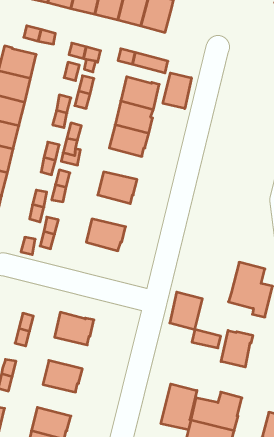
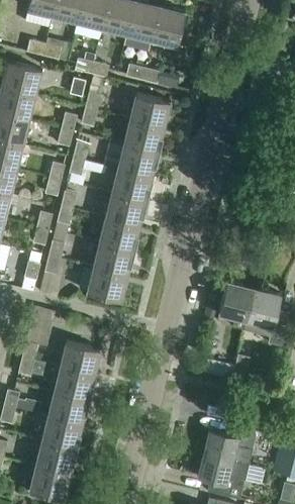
building: [163,73,191,109] -> none
building: none -> [111,168,152,201]
building: none -> [99,217,139,250]
building: none -> [87,267,126,301]
building: [170,292,202,330] -> [219,281,254,320]
building: [221,330,253,367] -> none
building: none -> [54,367,94,400]
building: [161,384,197,430] -> none
building: none -> [41,416,82,449]

